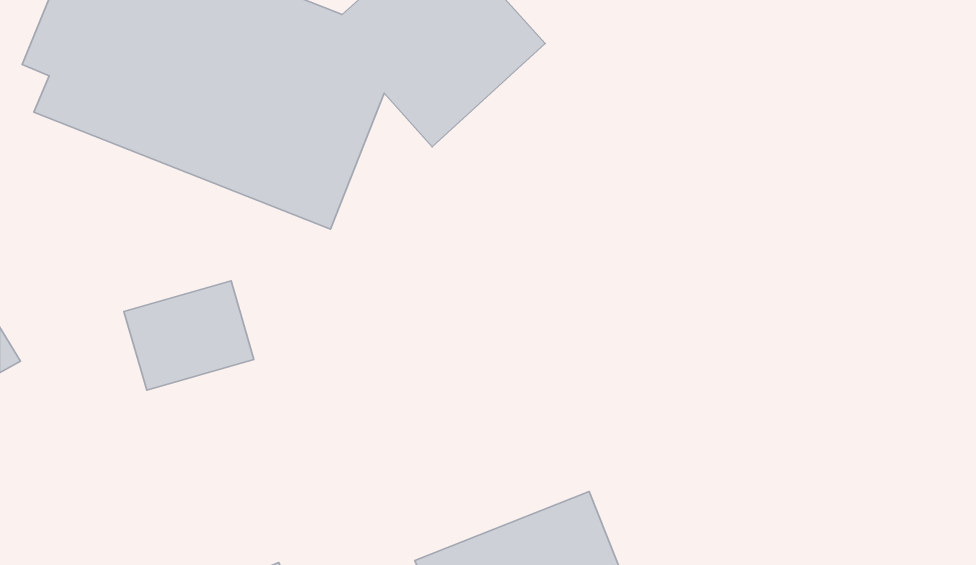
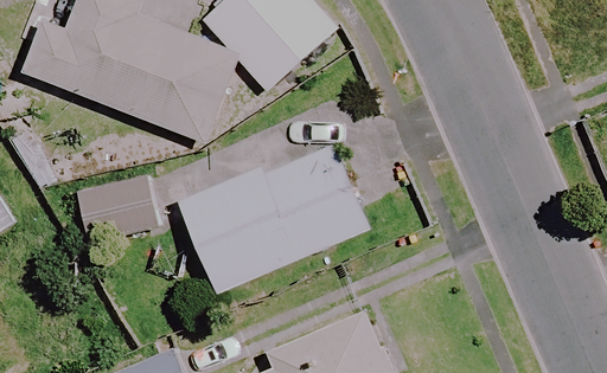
building: none -> [183,144,368,291]

